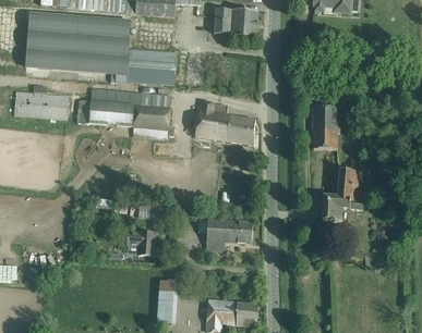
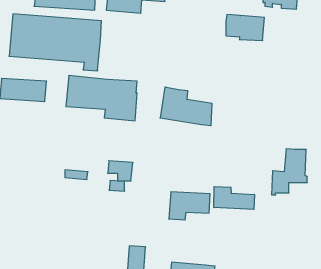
building: [214,8,257,37] -> [226,15,264,41]
building: [124,47,176,85] -> none
building: [310,106,339,149] -> none
building: none -> [214,187,254,209]
building: [126,231,155,254] -> [108,161,133,181]

